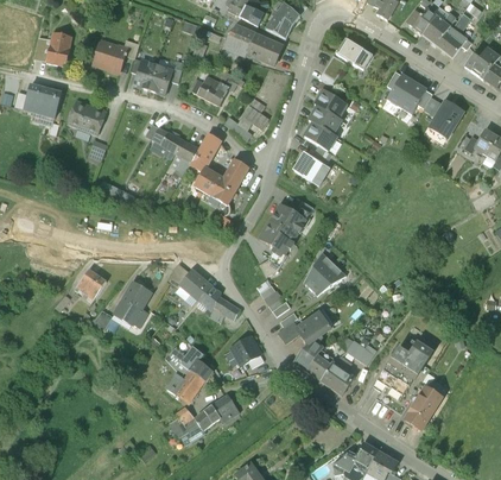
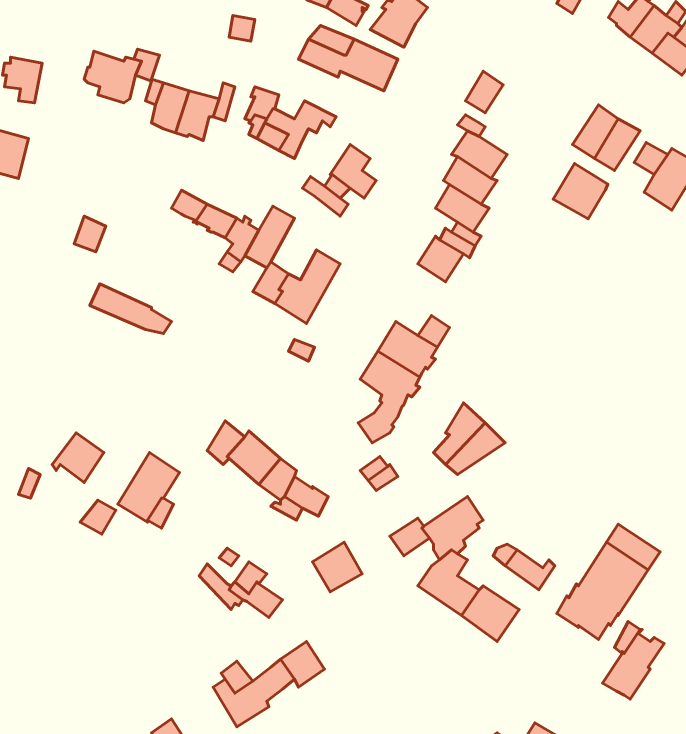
building: [335,37,373,69] -> none
building: [68,102,106,134] -> none
building: none -> [553,163,608,219]
building: [165,371,204,404] -> none

